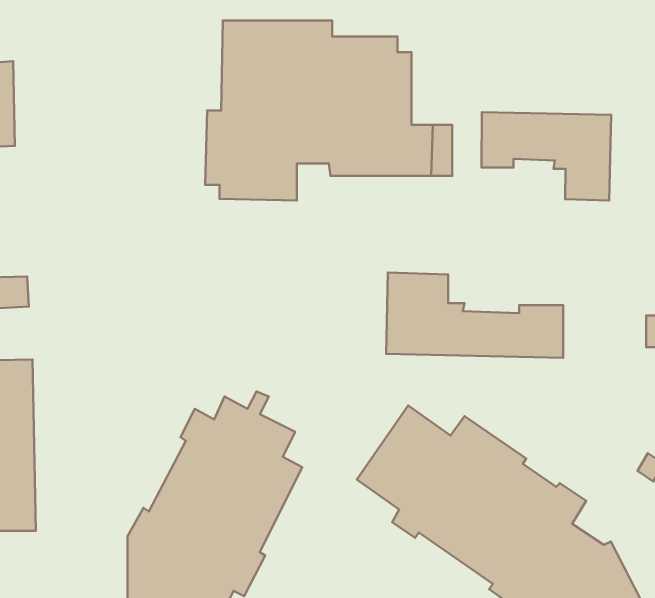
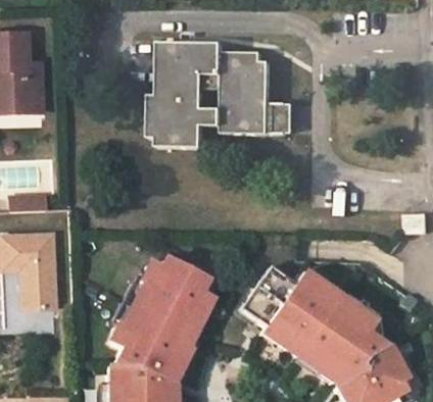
building: [481,112,611,201] -> none
building: [386,273,563,358] -> none

